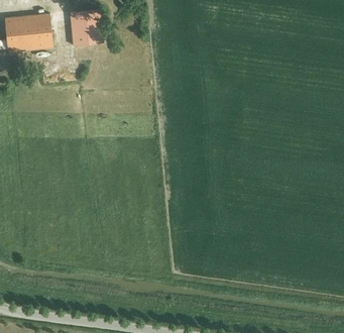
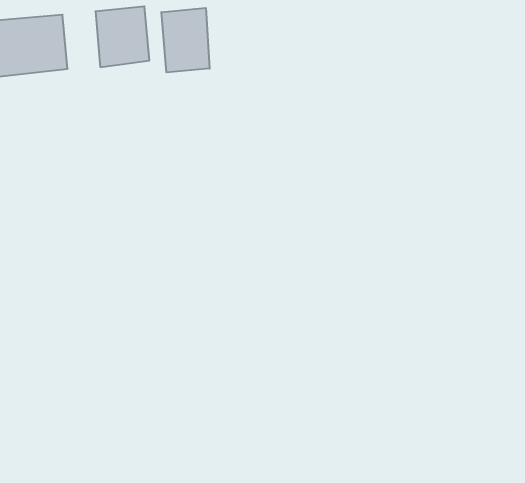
building: none -> [161,8,210,72]

